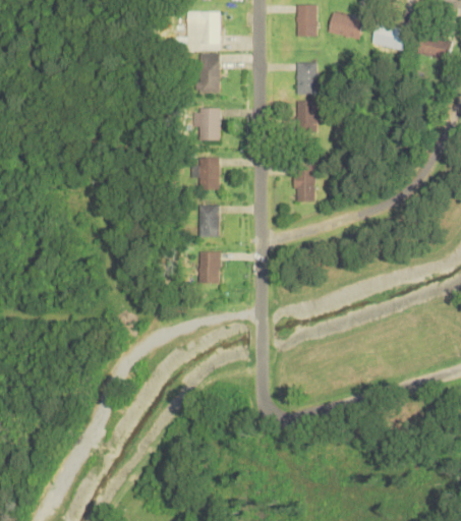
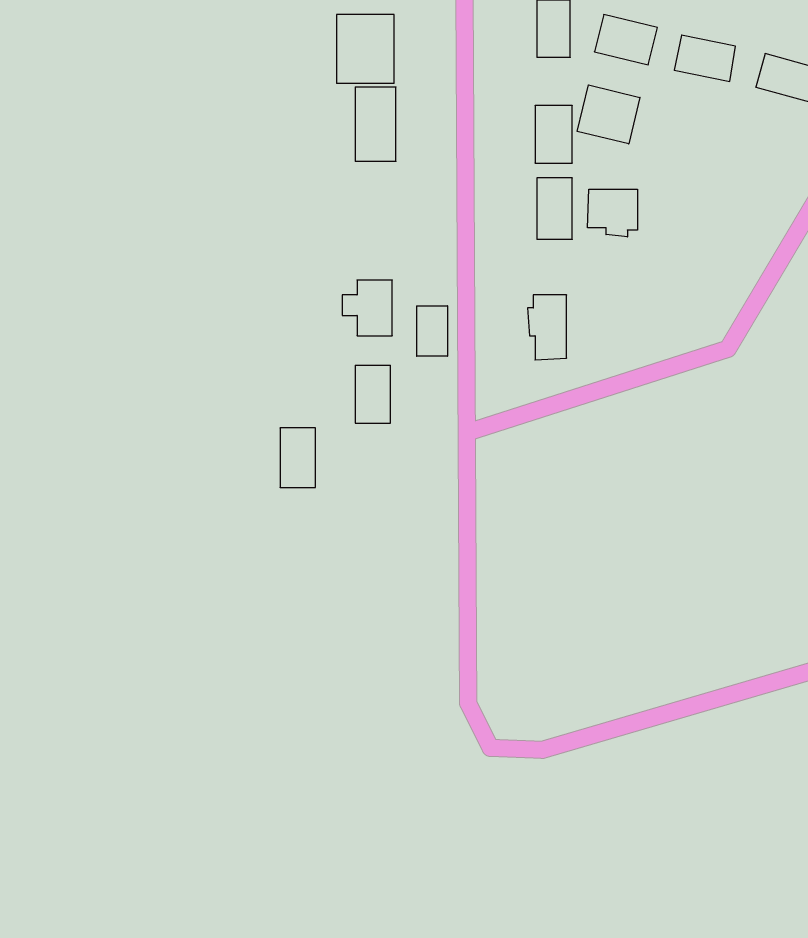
building: none -> [577,85,640,144]
building: [194,109,220,140] -> none
building: none -> [588,189,637,237]
building: none -> [417,306,447,356]
building: [200,252,220,285] -> [280,428,315,487]

